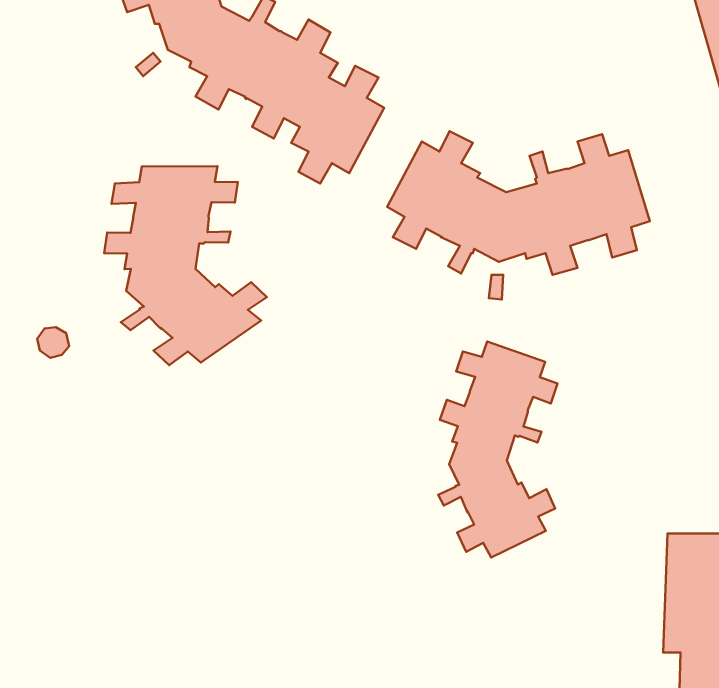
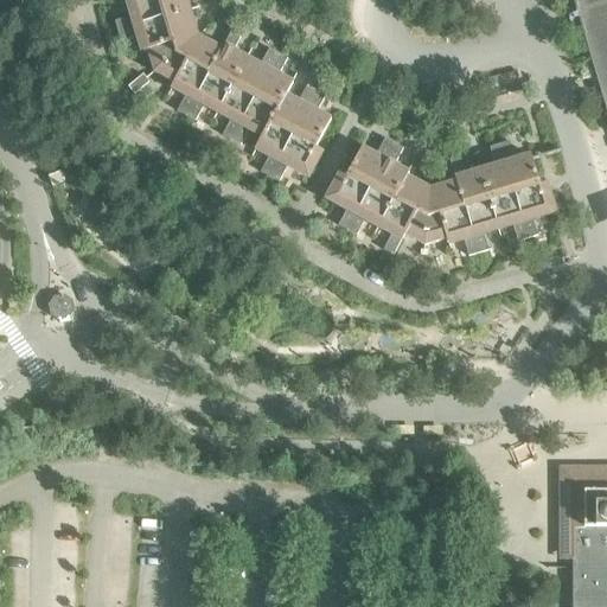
building: [104,166,267,365] -> none
building: [438,342,558,557] -> none

